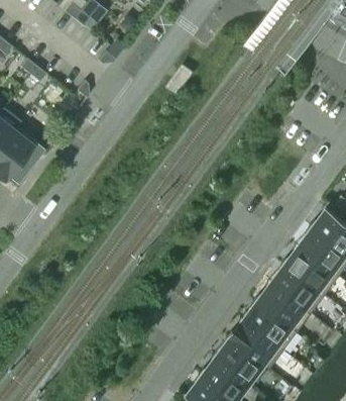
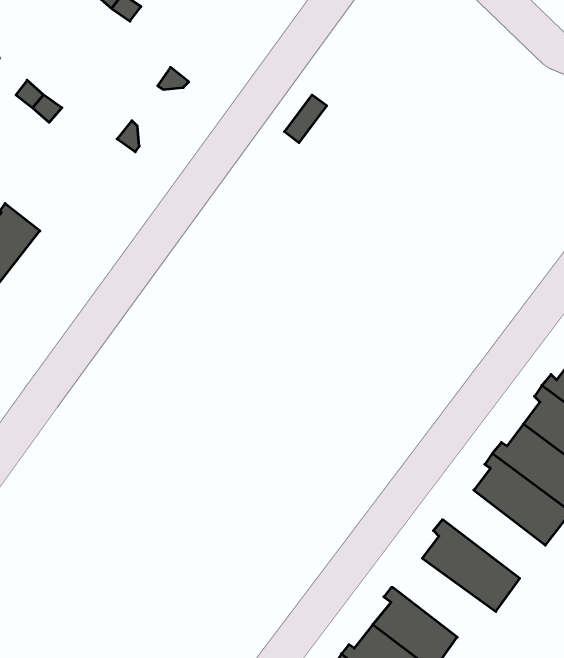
building: [255,284,312,332] -> none
building: [228,321,284,370] -> none

